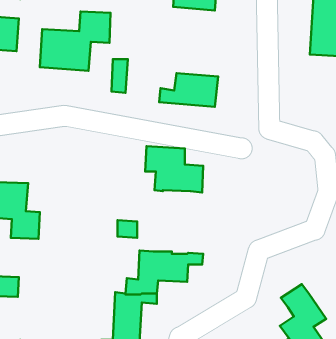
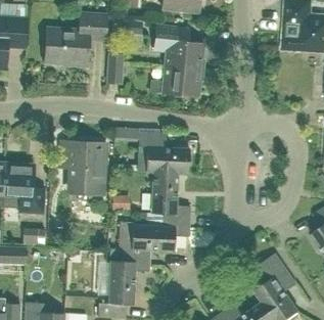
building: none -> [154,27,203,71]
building: none -> [59,143,105,196]
building: none -> [137,171,189,227]

